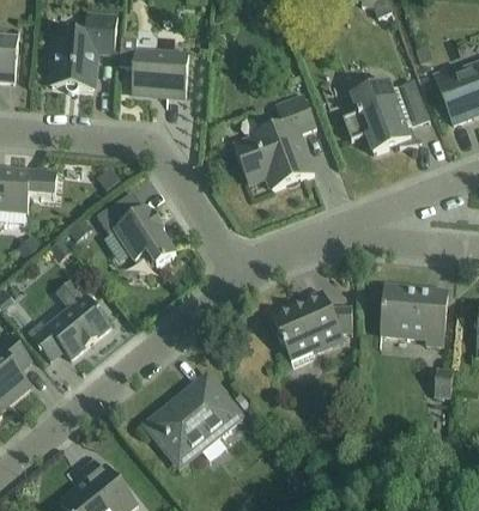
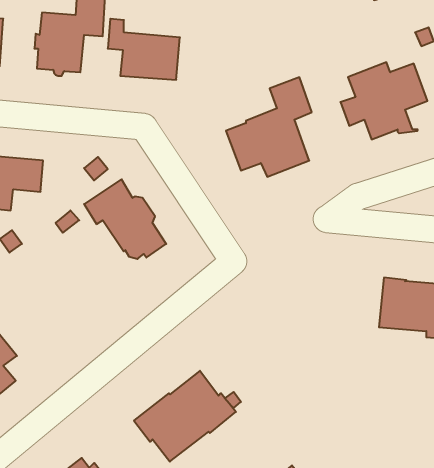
building: [28,278,111,359] -> none
building: [269,288,351,364] -> none

